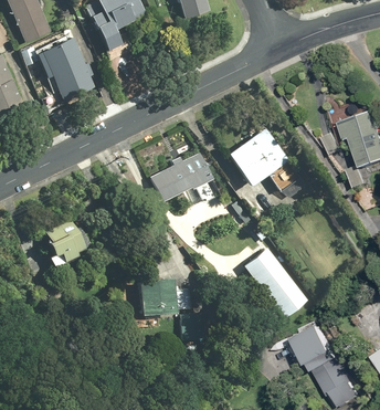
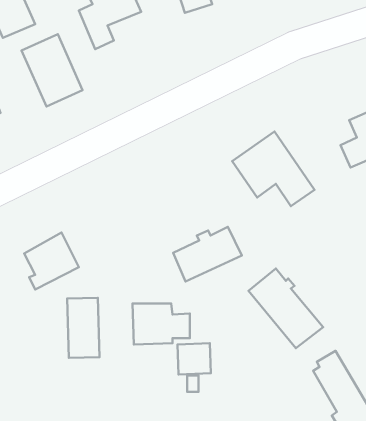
building: [147,153,208,201] -> [173,227,242,282]
building: none -> [67,298,100,358]

